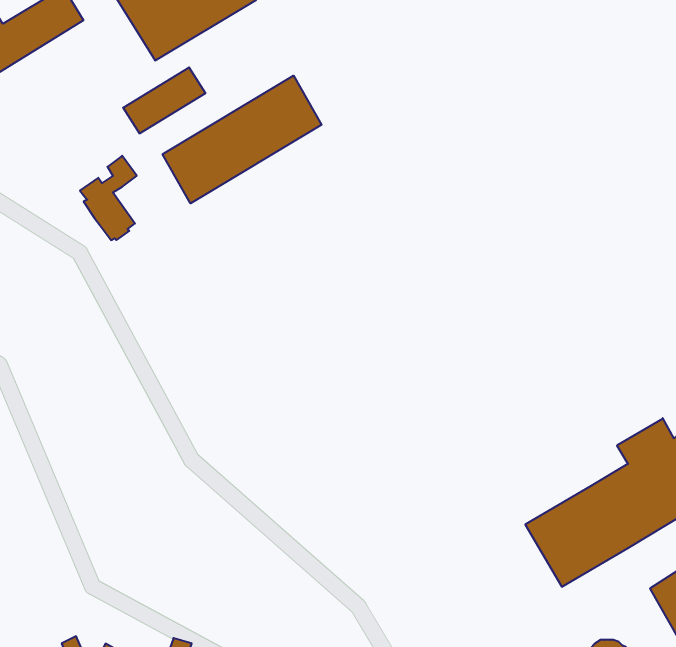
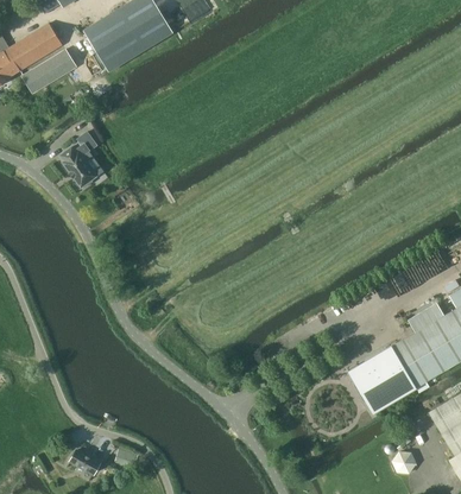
building: [123,67,206,133] -> [25,49,78,91]
building: [163,76,322,203] -> none

